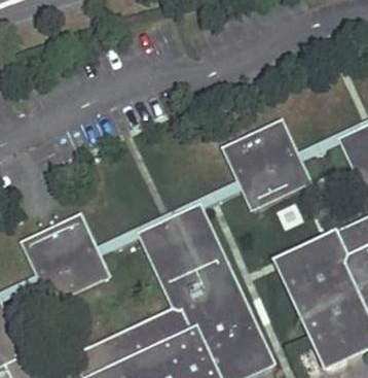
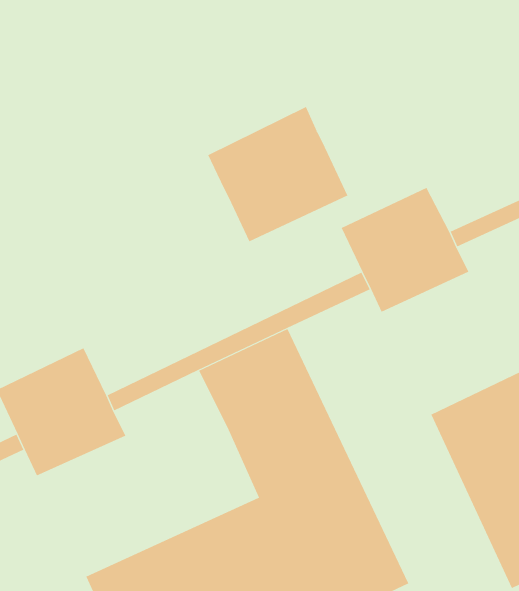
building: none -> [207,106,348,242]

